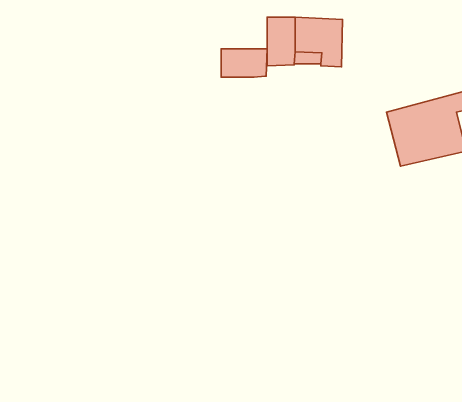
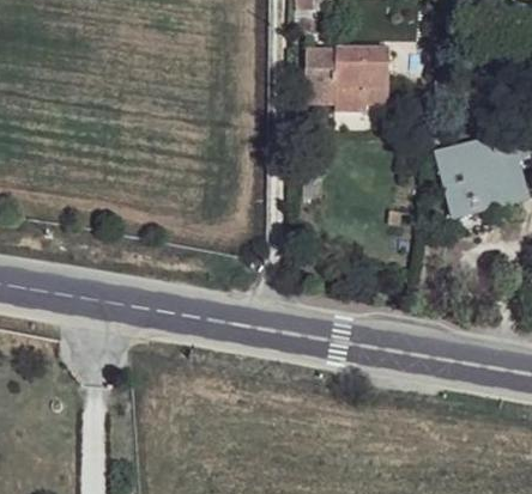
building: [221,49,267,77] -> none

